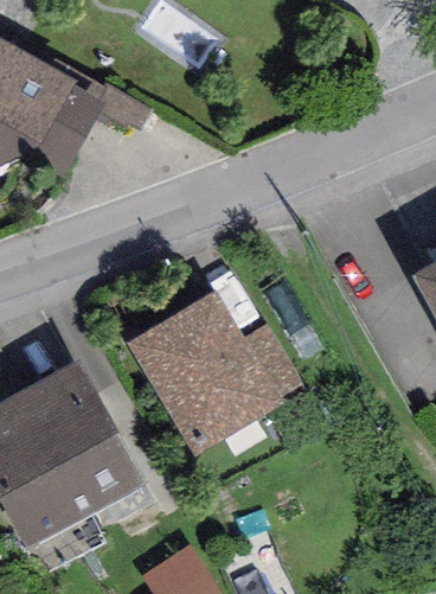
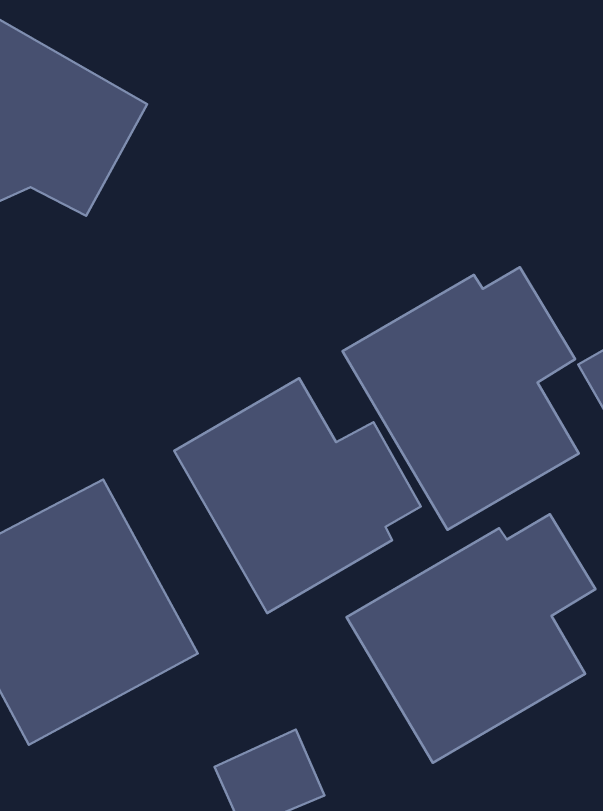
building: none -> [342,267,579,530]
building: none -> [346,514,596,763]

